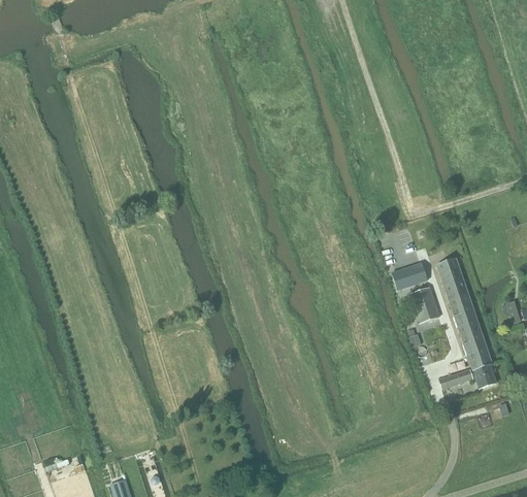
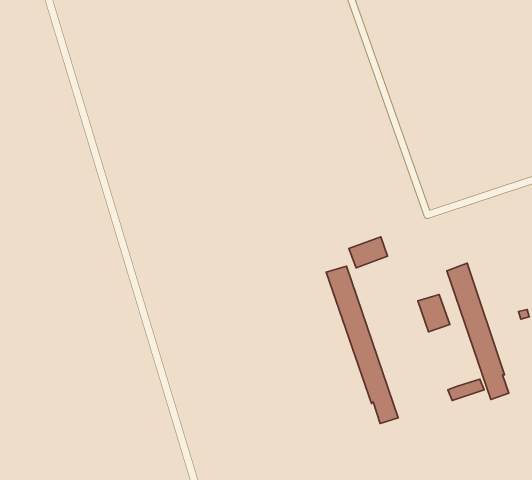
building: none -> [326,266,398,424]
building: [390,261,427,291] -> [349,237,387,268]

